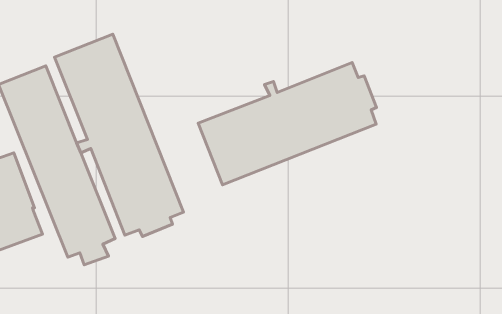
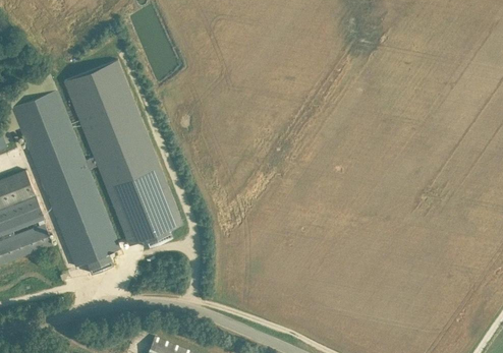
building: [198,63,376,185] -> none

